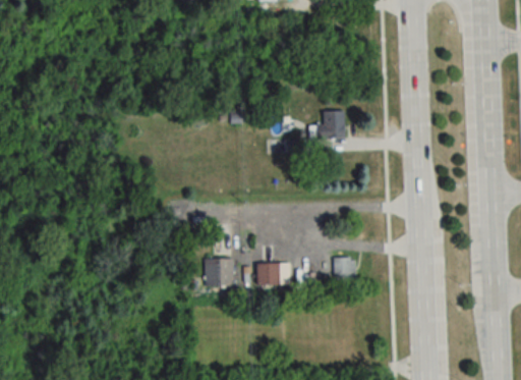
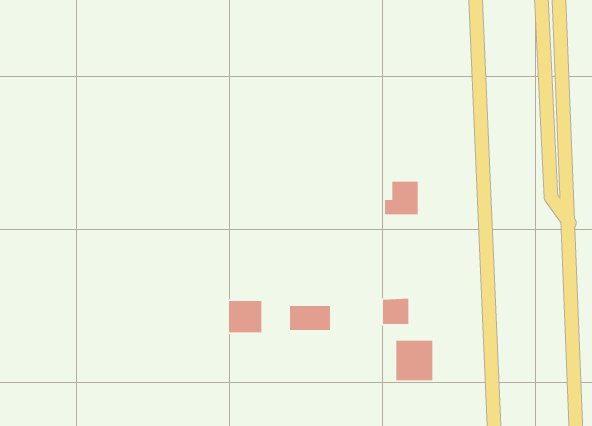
building: [316,109,345,138] -> [384,181,418,215]
building: none -> [395,340,433,381]

